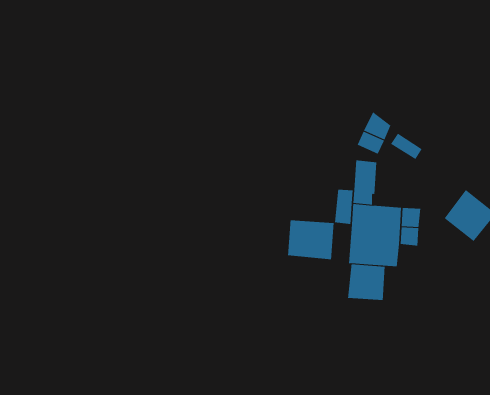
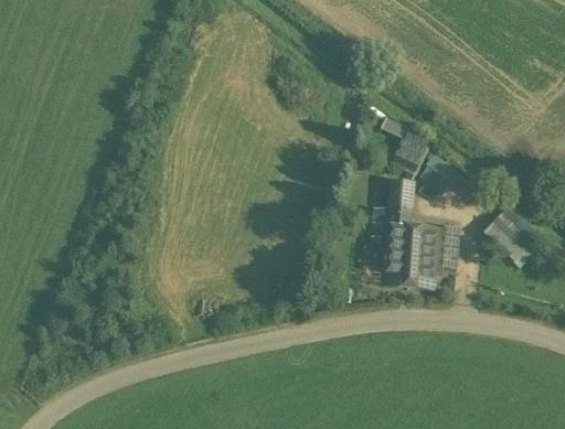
building: [287,220,334,260] -> none
building: [348,264,385,301] -> none

